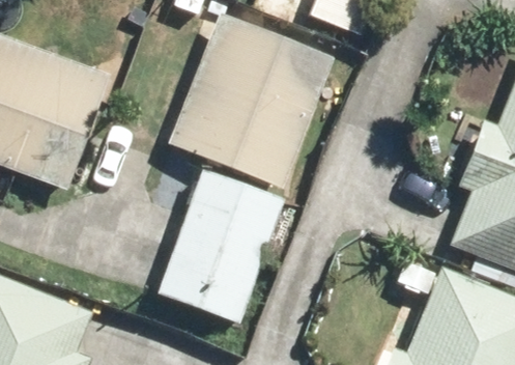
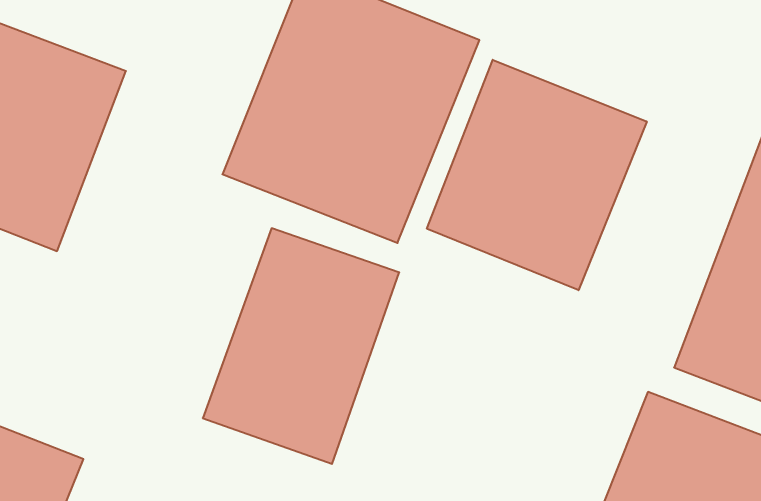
building: none -> [427,60,647,290]

